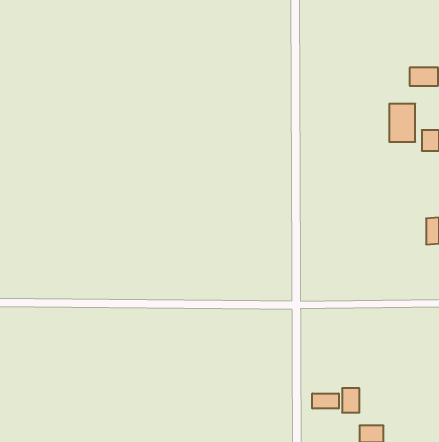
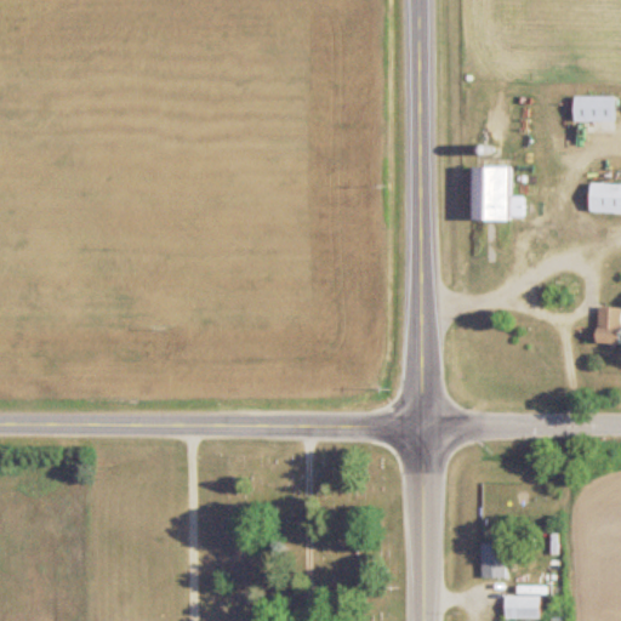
building: [389,104,415,142] -> [474,166,511,220]
building: [312,393,339,409] -> none

